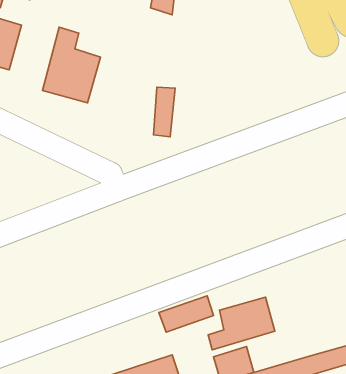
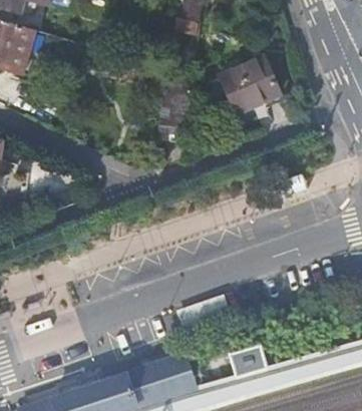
building: [43,27,101,103] -> none
building: none -> [218,59,275,112]
building: [208,297,275,350] -> none

